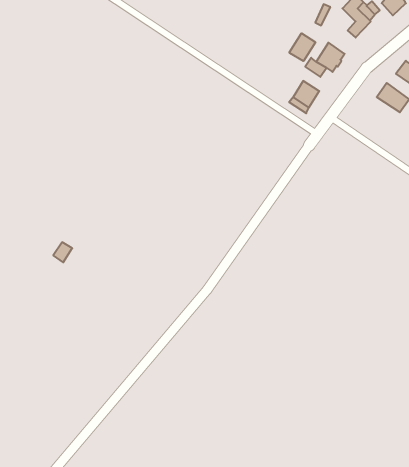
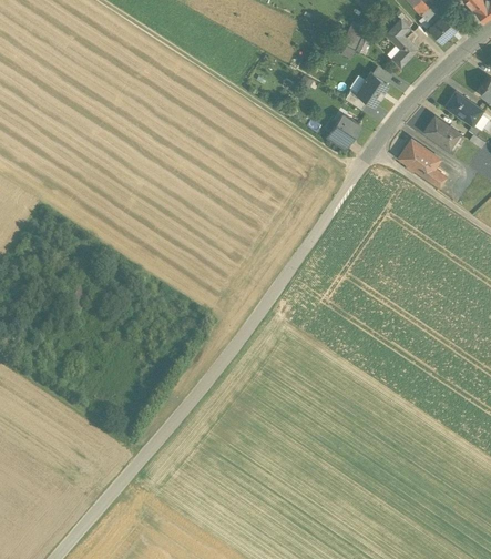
building: [289,33,315,61] -> none
building: none -> [398,139,444,185]

